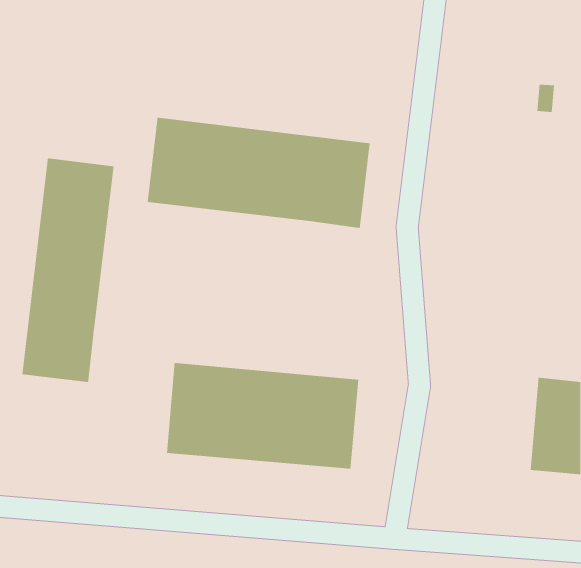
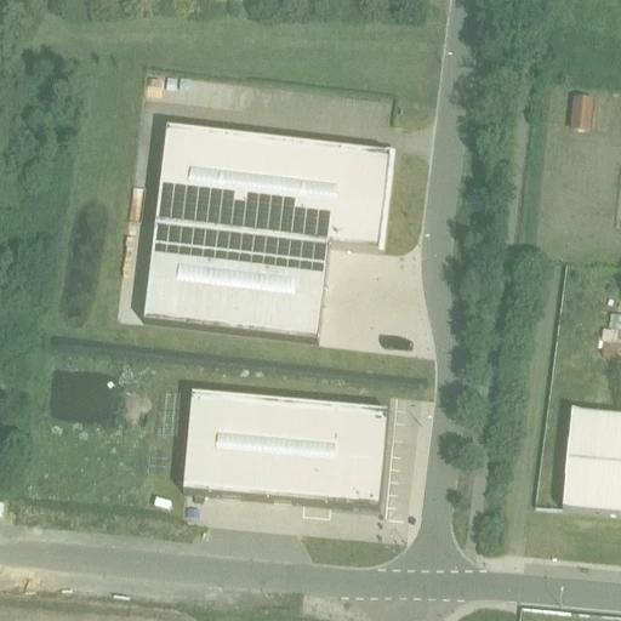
building: [22,158,114,383] -> none
building: none -> [144,216,331,335]

